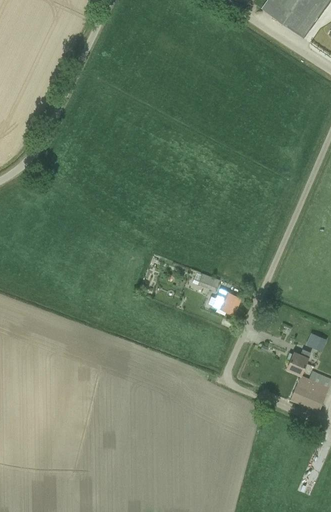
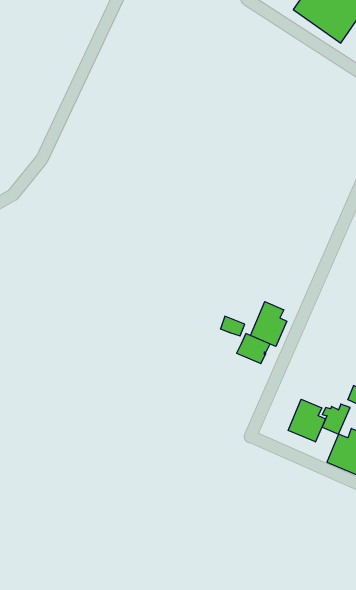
building: none -> [251,302,287,346]
building: none -> [288,399,326,442]

